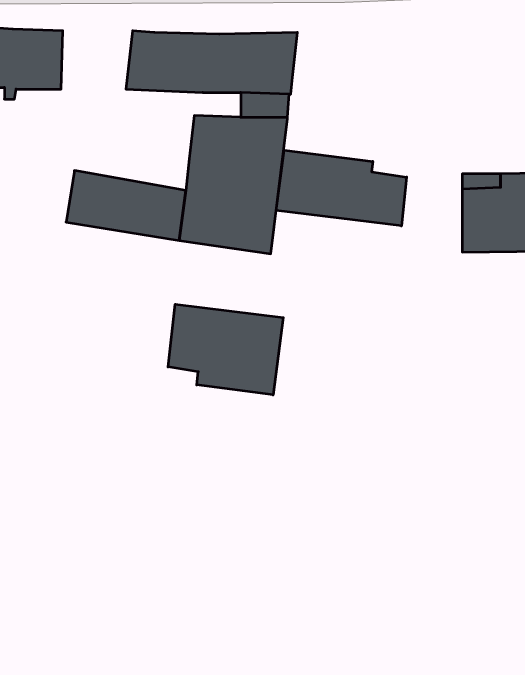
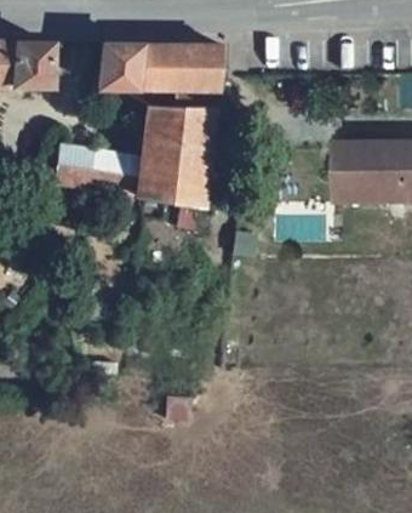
building: [276,150,407,226] -> none
building: [168,304,283,395] -> none

